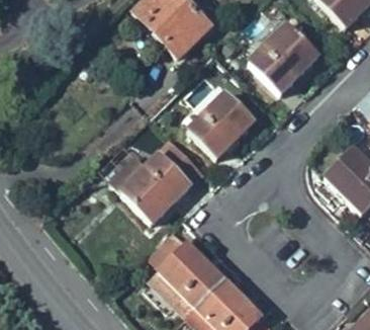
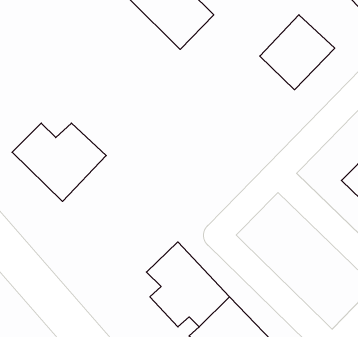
building: [188,87,258,156] -> none
building: [106,153,191,224] -> [12,123,106,201]

